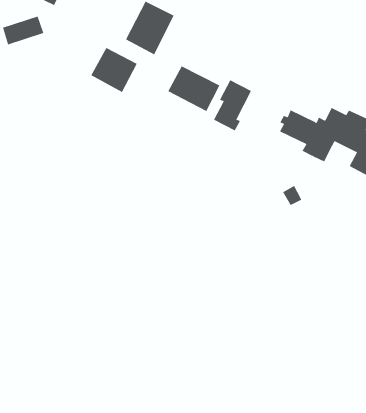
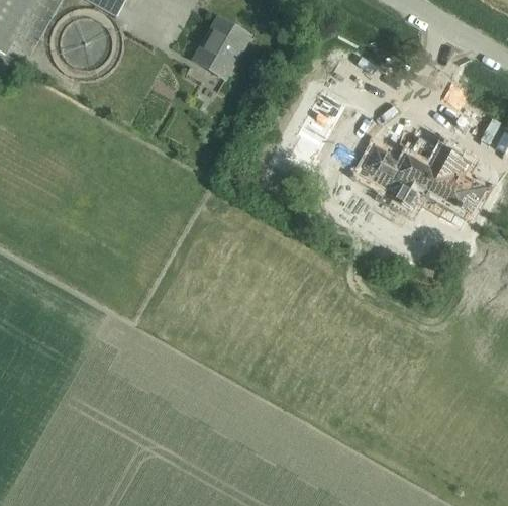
building: [91,47,138,93] -> none
building: [167,65,220,112] -> none

